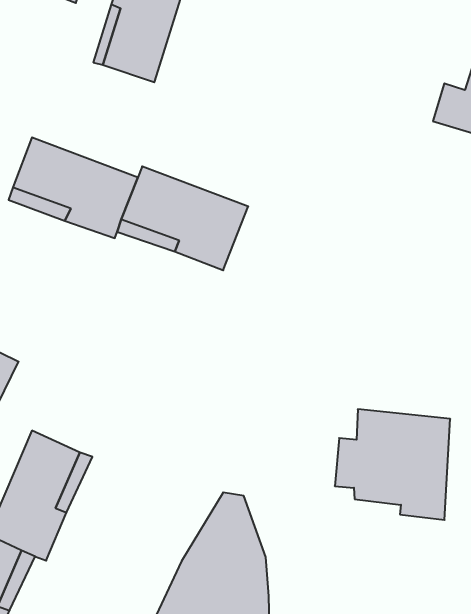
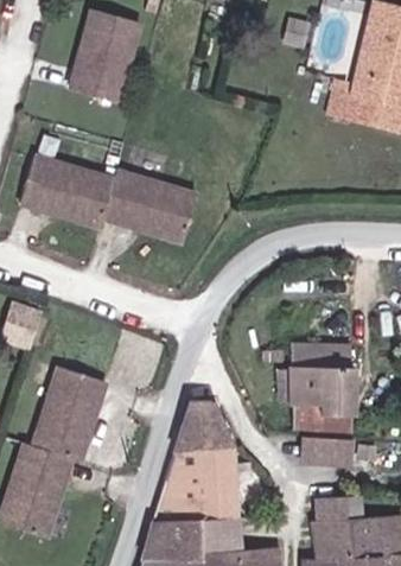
building: none -> [295,401,364,433]
building: none -> [310,435,358,464]

